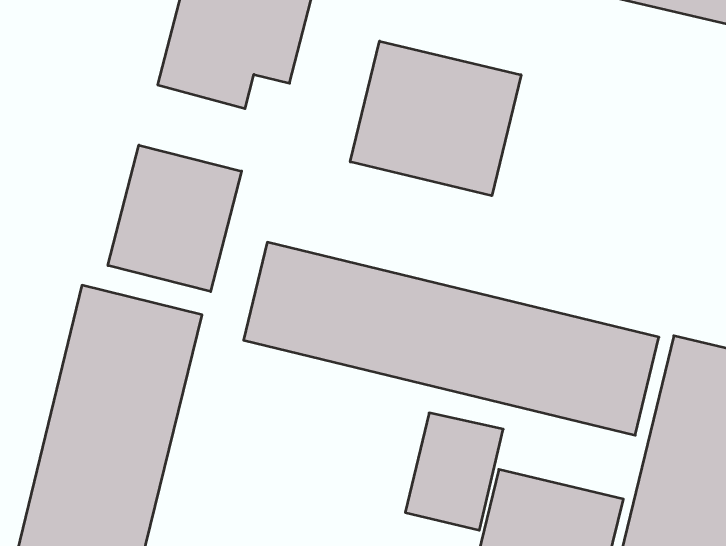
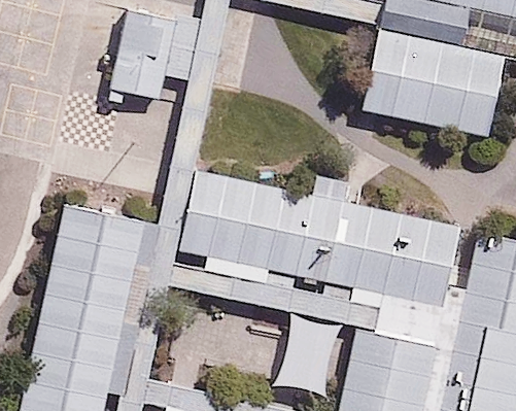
building: none -> [365,33,502,136]
building: [350,41,521,196] -> none
building: [108,145,242,292] -> none

